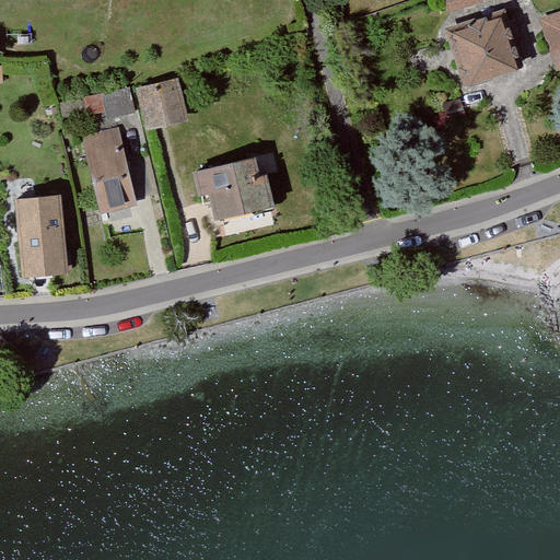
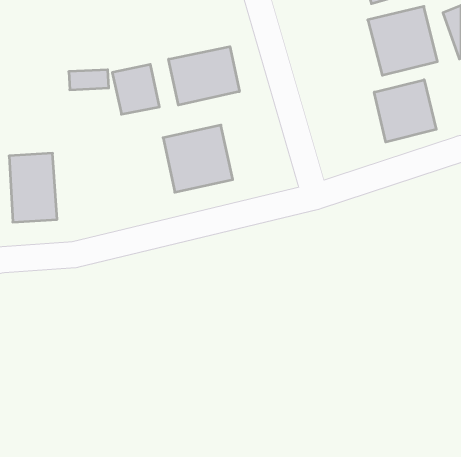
building: none -> [169,47,239,105]
building: none -> [374,80,436,142]
building: [80,125,142,217] -> none

